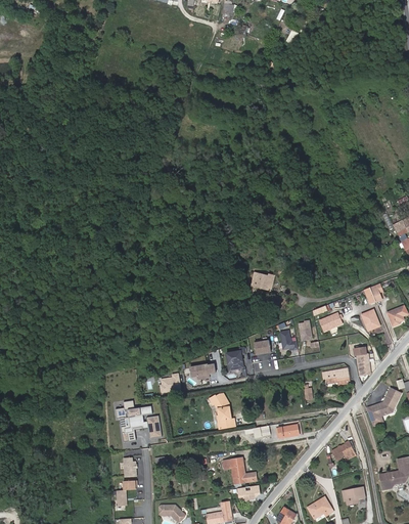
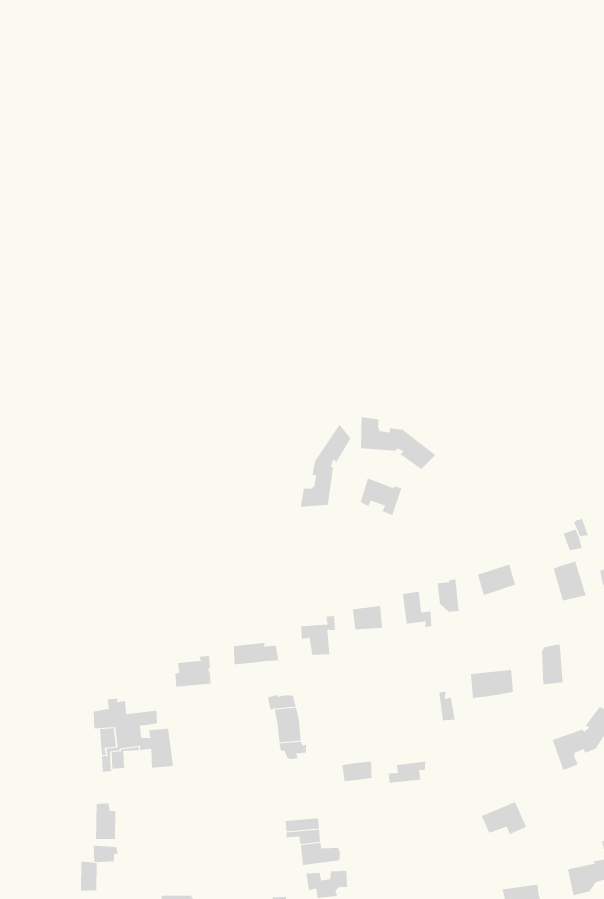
building: none -> [361,417,436,470]
building: none -> [300,424,351,508]

